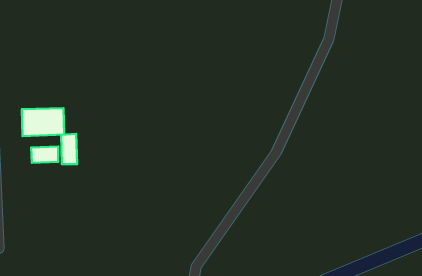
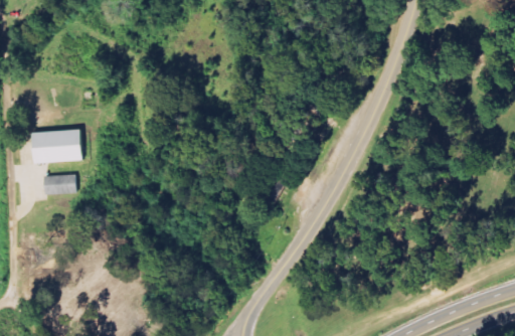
building: [61,134,77,164] -> none

